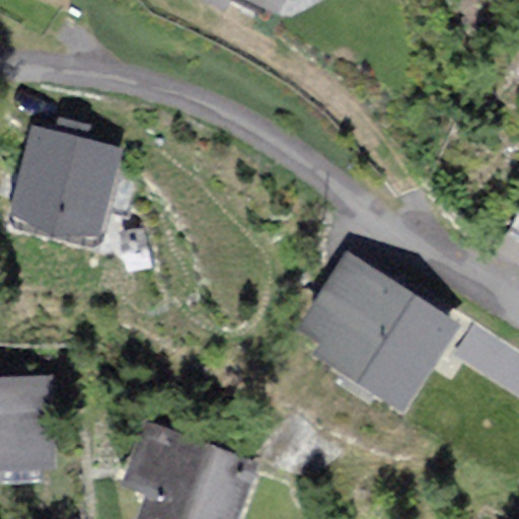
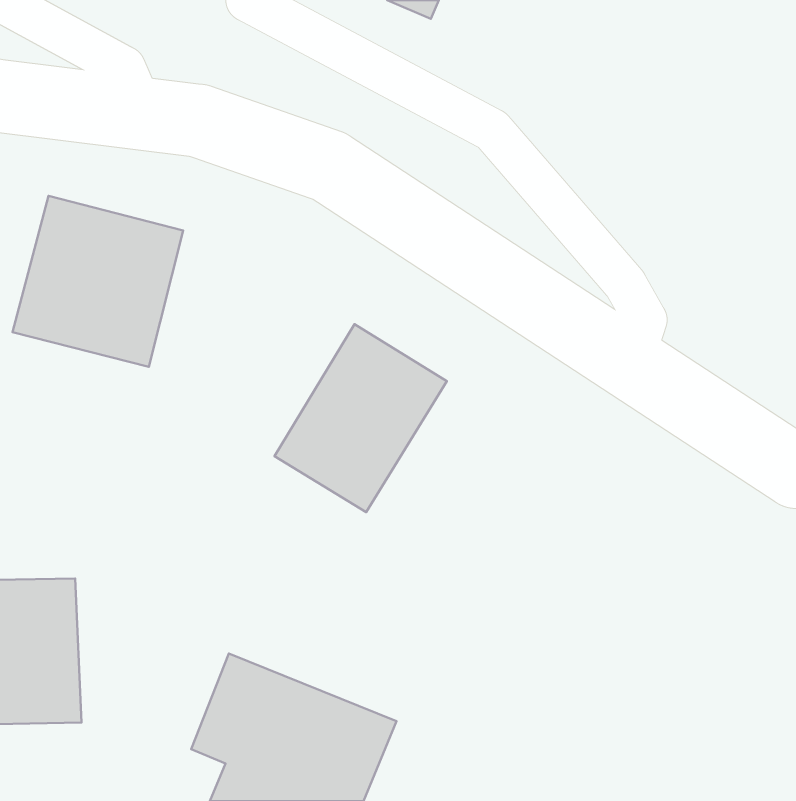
building: none -> [274,324,447,512]
building: [296,254,459,405] -> none

